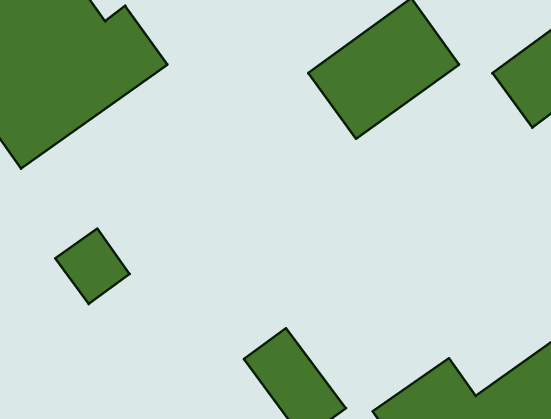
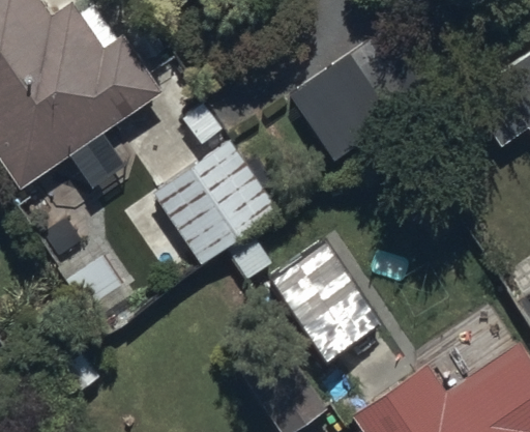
building: none -> [134,143,279,285]
building: none -> [273,241,403,384]

